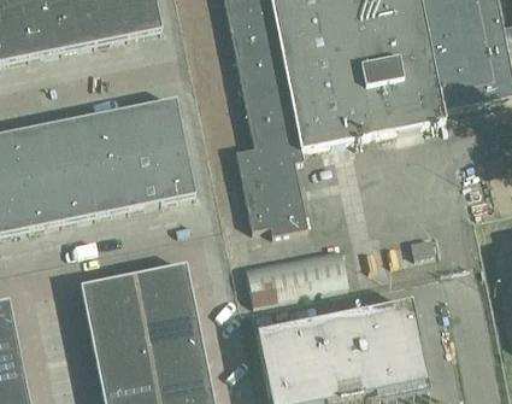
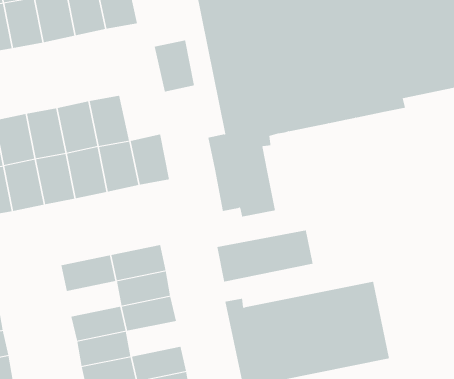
building: [142,96,186,152] -> [154,40,195,92]
building: [86,300,143,338] -> none
building: [149,342,207,380] -> none

